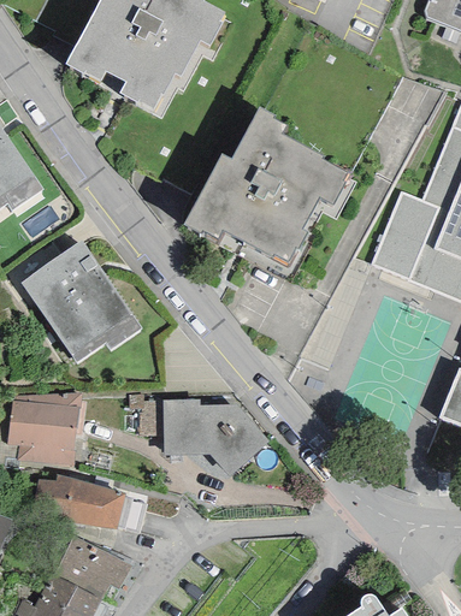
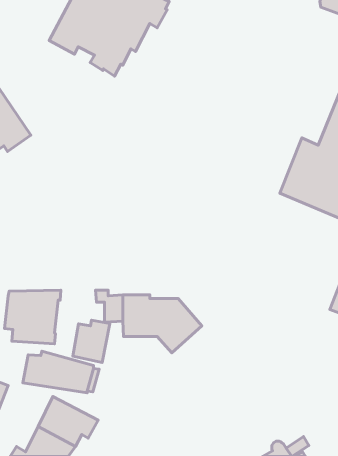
building: [184,106,355,262] -> none
building: [22,241,142,362] -> none
building: none -> [73,320,110,363]

